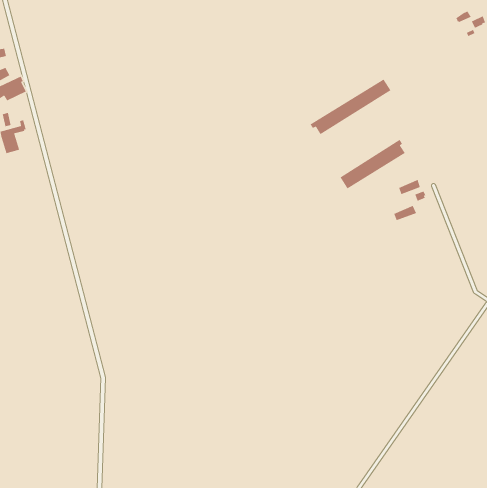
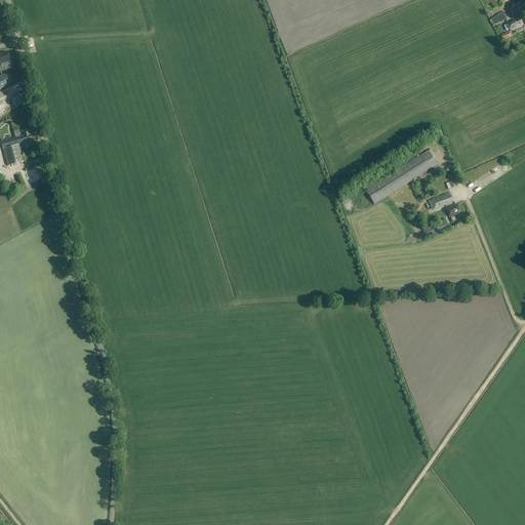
building: [309,78,391,135] -> none

